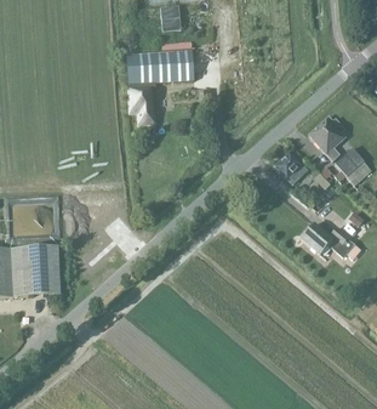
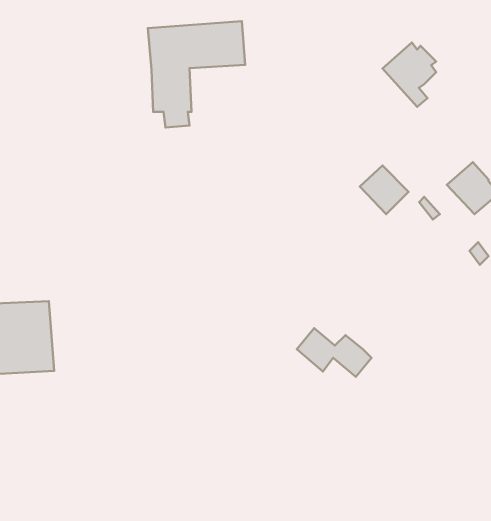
building: [308,115,345,160] -> [382,42,436,107]
building: [302,223,354,257] -> [297,328,371,377]

